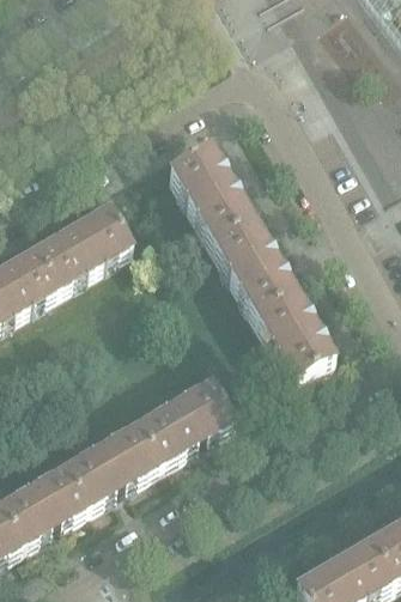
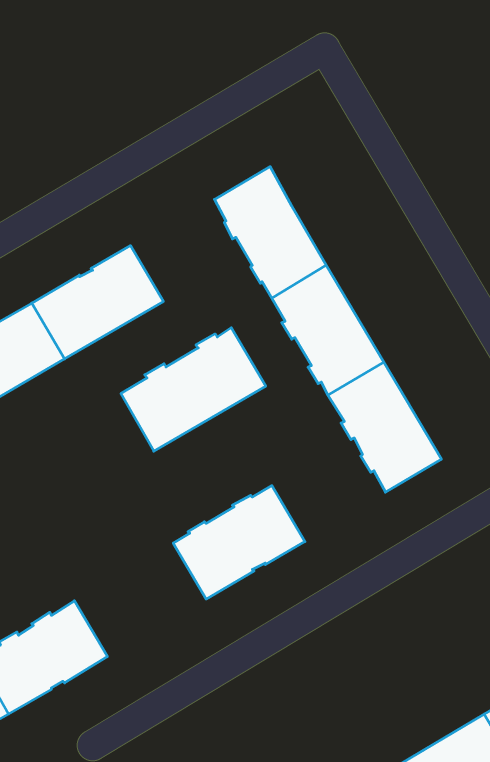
building: none -> [121,328,266,451]
building: [67,421,163,504] -> none

